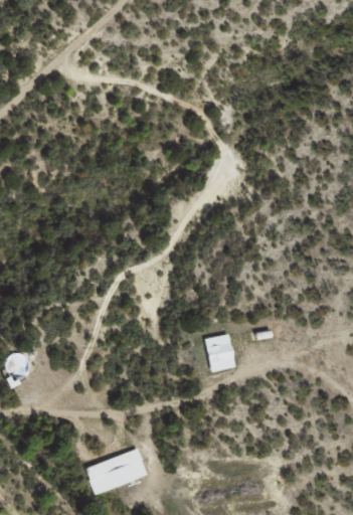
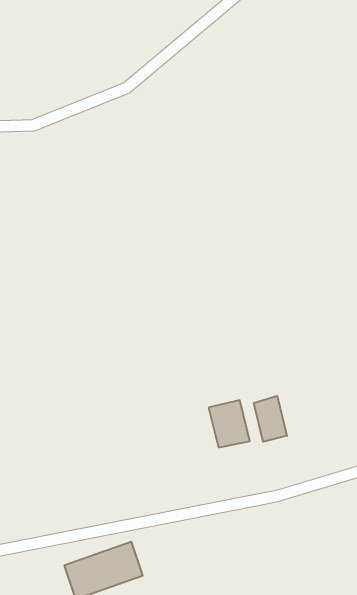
building: none -> [254,396,287,442]

